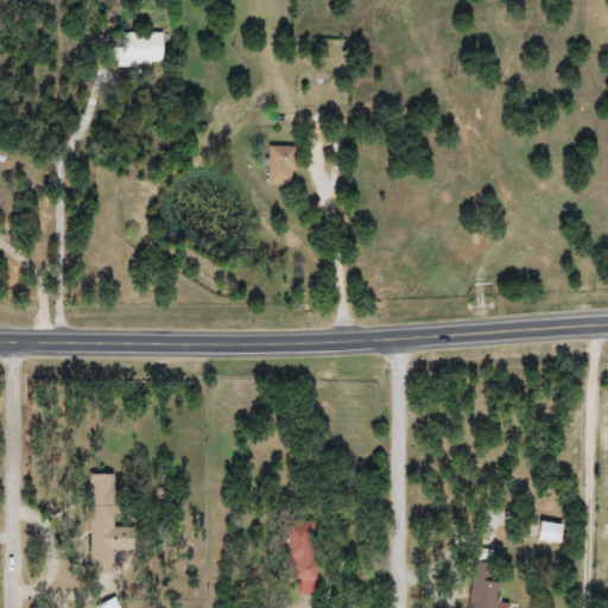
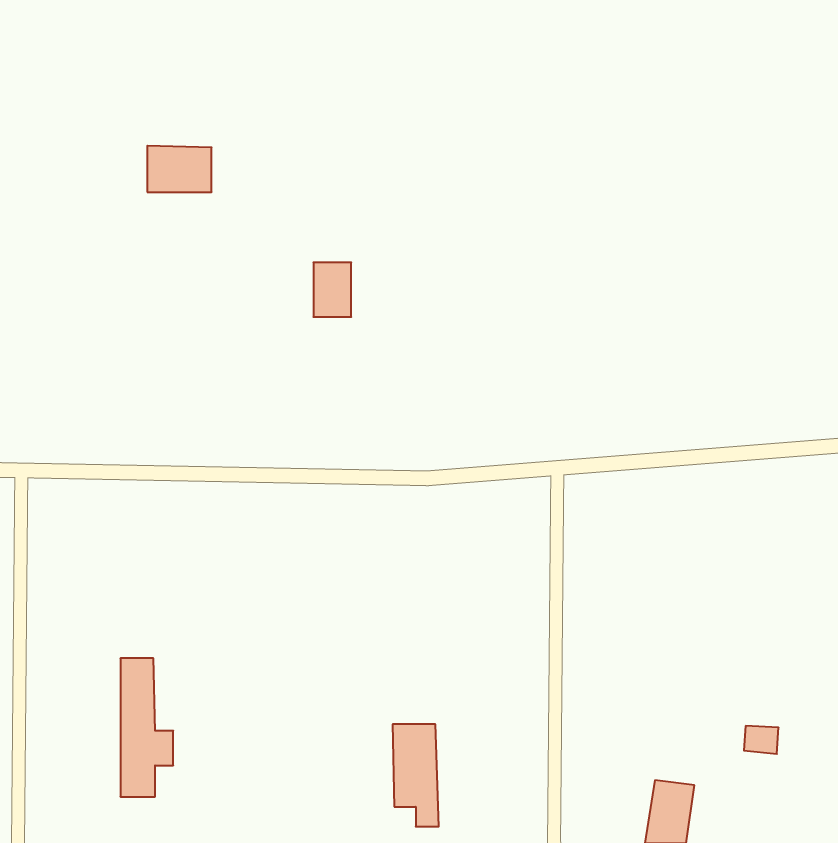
building: [116,32,163,65] -> [147,146,212,192]
building: [268,147,296,186] -> [313,262,351,317]

